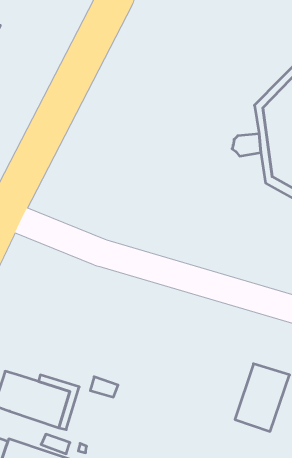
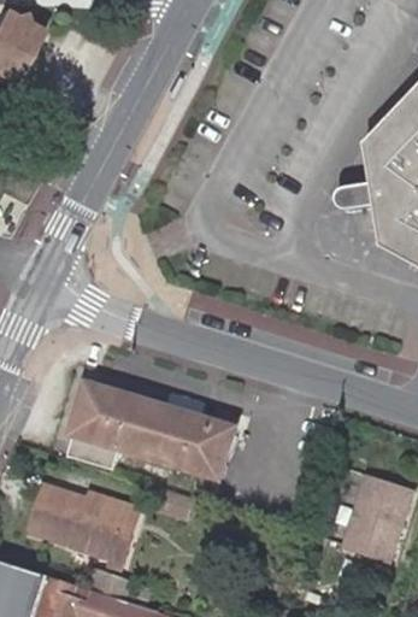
building: none -> [64,386,230,475]

